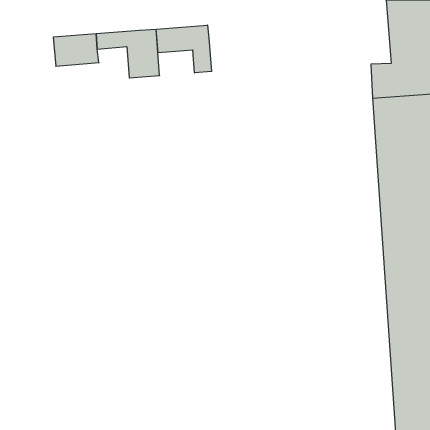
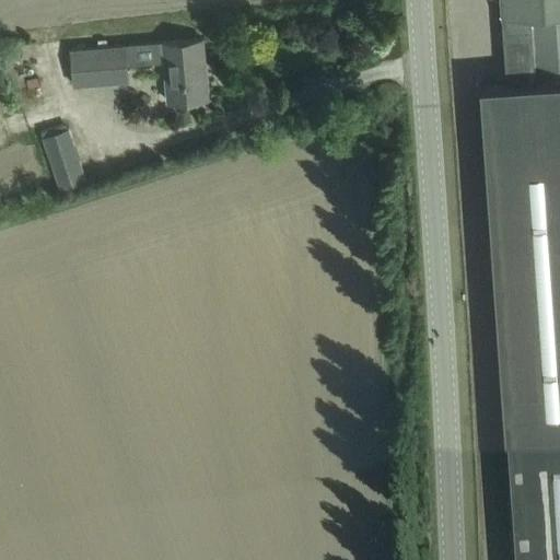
building: [156,25,212,73] -> none
building: none -> [44,130,86,190]

